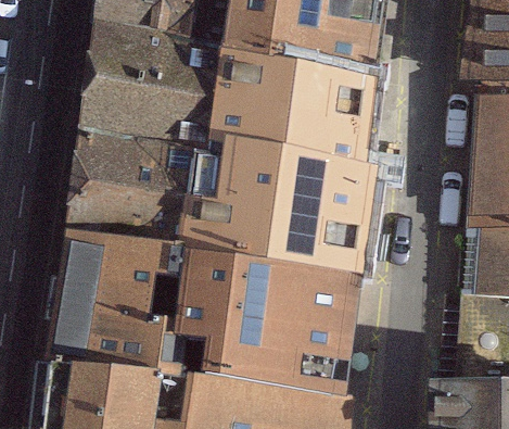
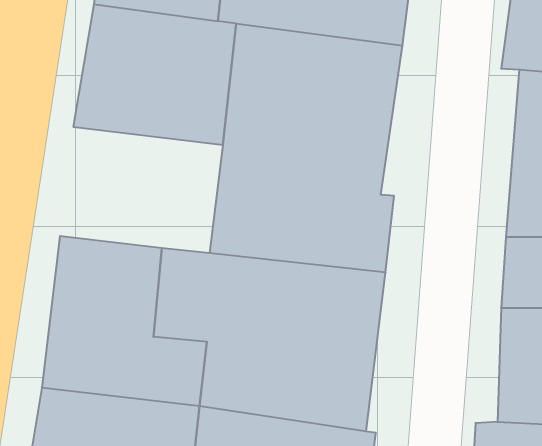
building: [69,129,215,242] -> none

